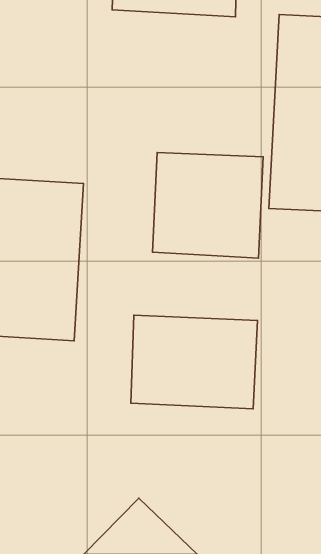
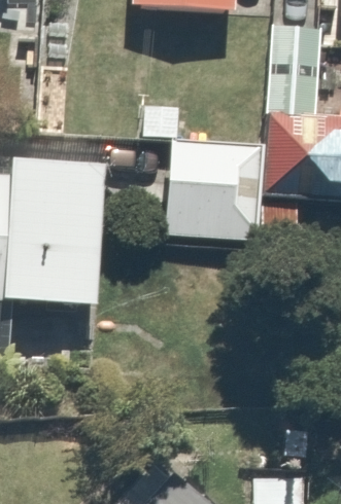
building: [131,315,257,409] -> none

